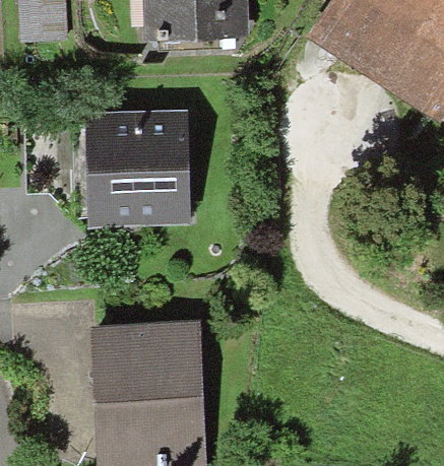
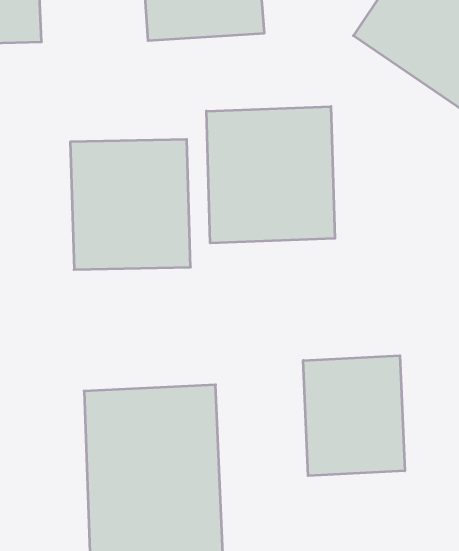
building: none -> [206,106,335,243]
building: none -> [303,356,405,476]

